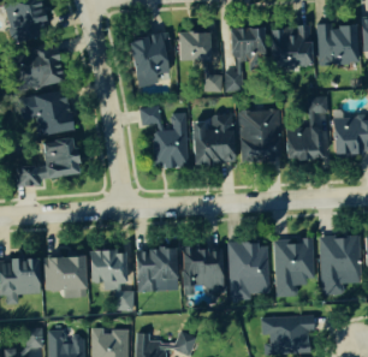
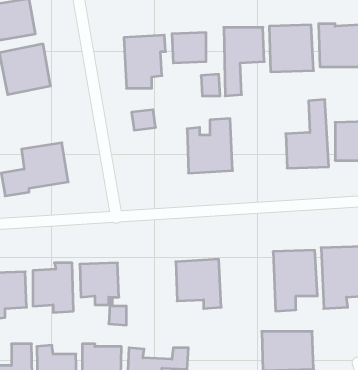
building: [19,91,72,136] -> none
building: [241,111,281,161] -> none
building: [154,113,189,168] -> none
building: [231,243,271,299] -> none
building: [136,248,178,292] -> none

